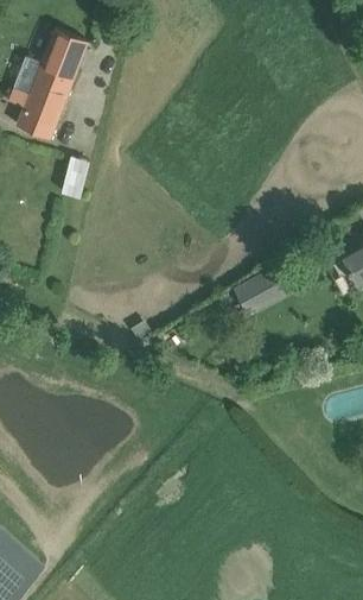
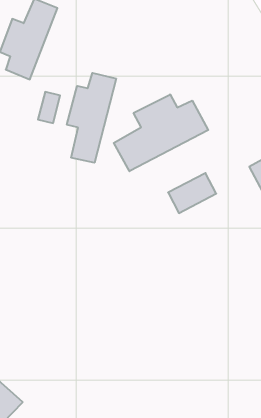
building: none -> [67,73,116,163]
building: none -> [114,94,208,171]

